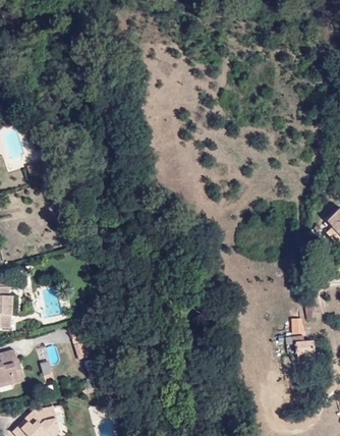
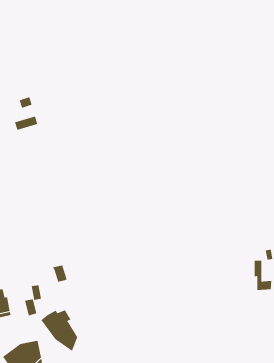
building: none -> [41,310,78,352]

